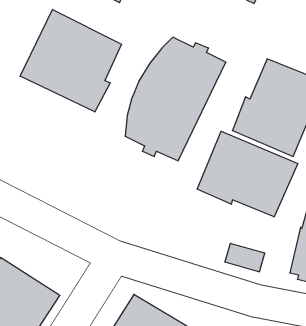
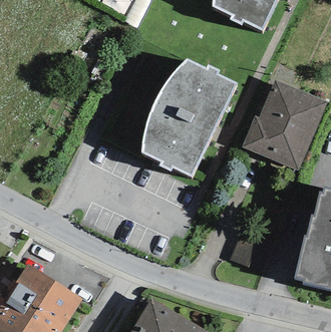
building: [20,9,122,112] -> none
building: [197,131,298,217] -> none

